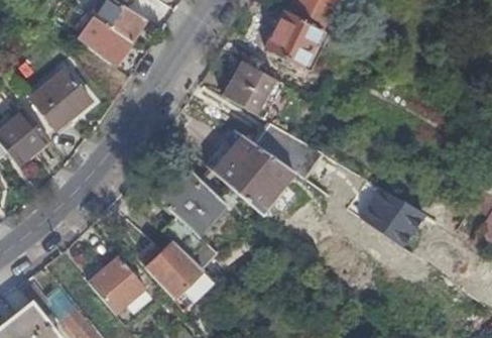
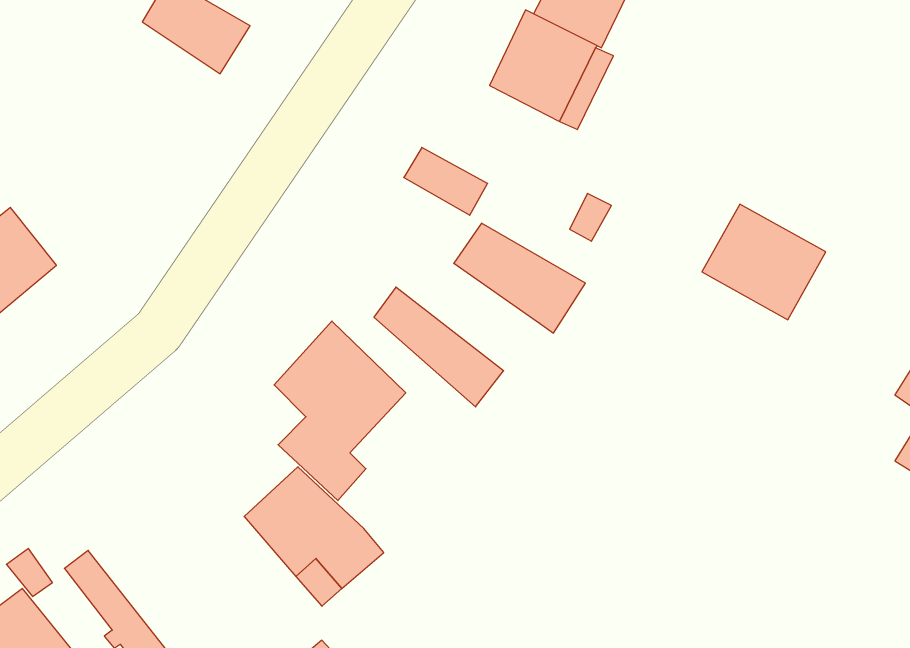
building: [80,18,133,67] -> none
building: [233,61,275,98] -> none
building: [31,71,91,133] -> none
building: [220,129,292,193] -> none
building: [360,191,422,249] -> [702,204,826,320]
building: [88,256,145,312] -> none

